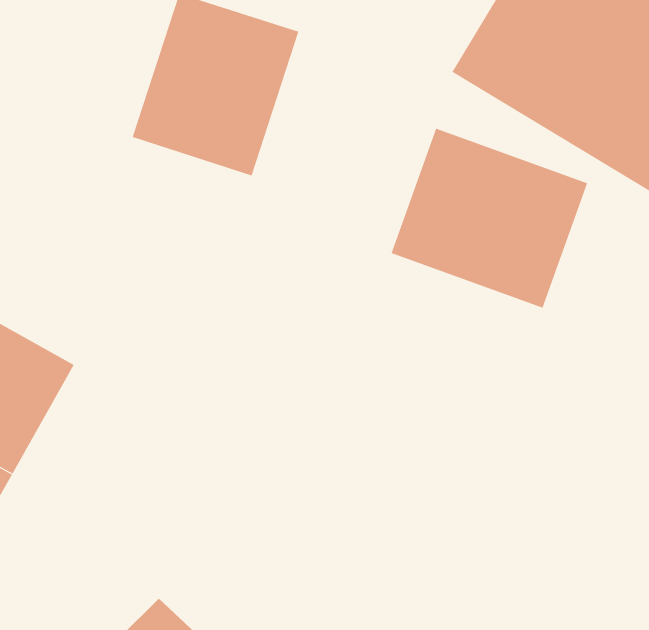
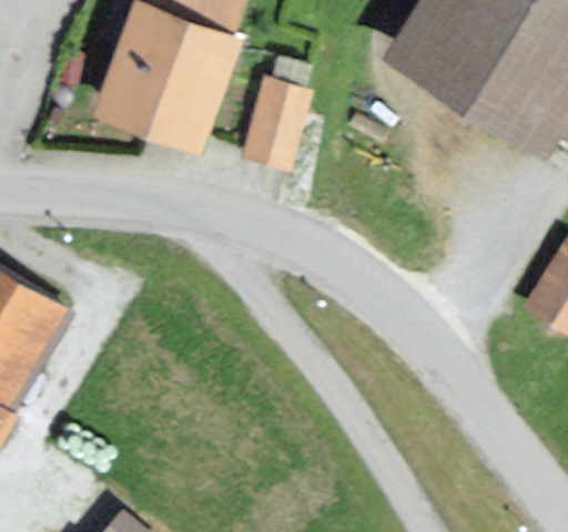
building: none -> [240,55,324,158]
building: [391,128,588,308] -> none

